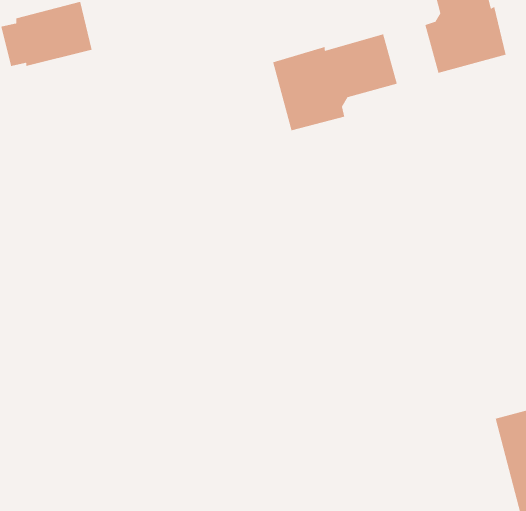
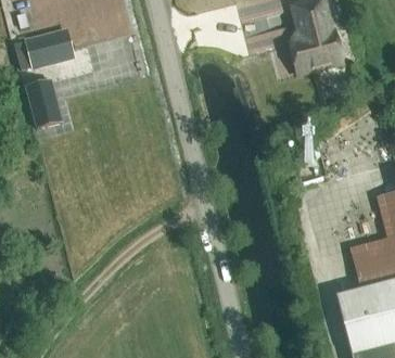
building: [272,33,397,131] -> none
building: none -> [25,77,63,127]

